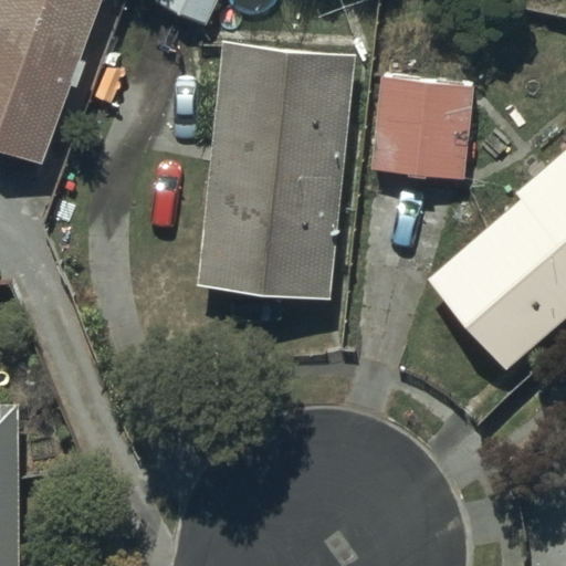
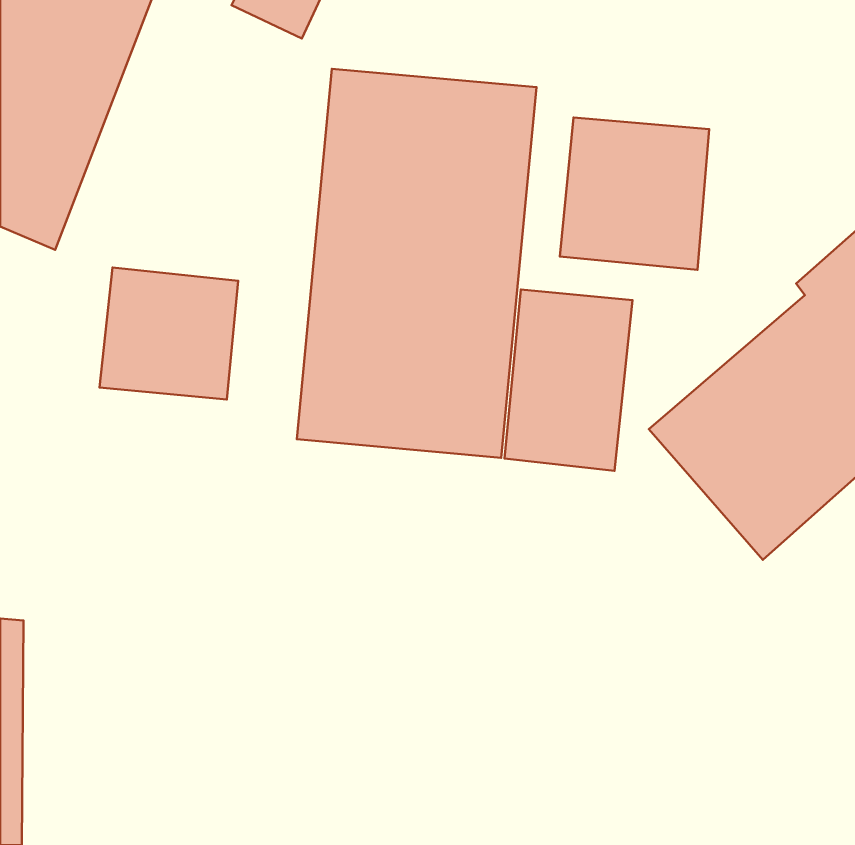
building: none -> [99,268,238,399]
building: none -> [504,290,633,471]

